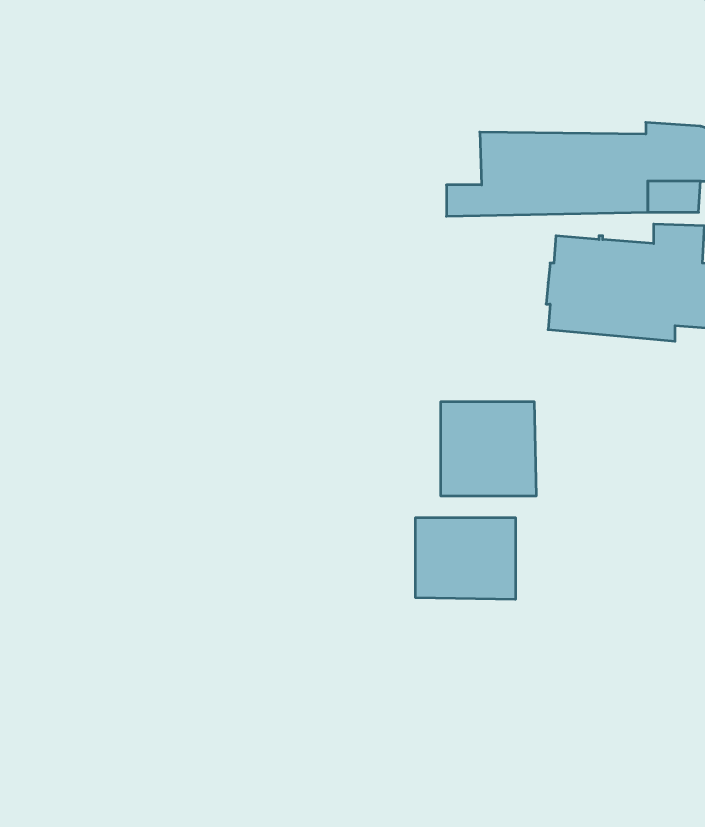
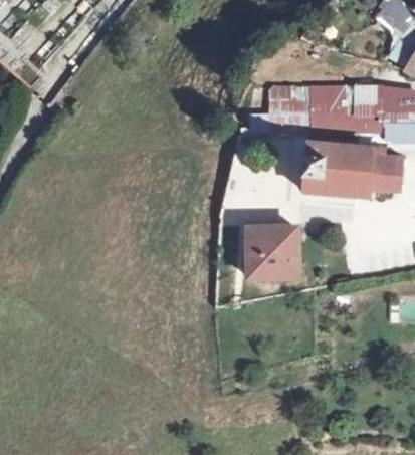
building: [416,518,515,599] -> none

